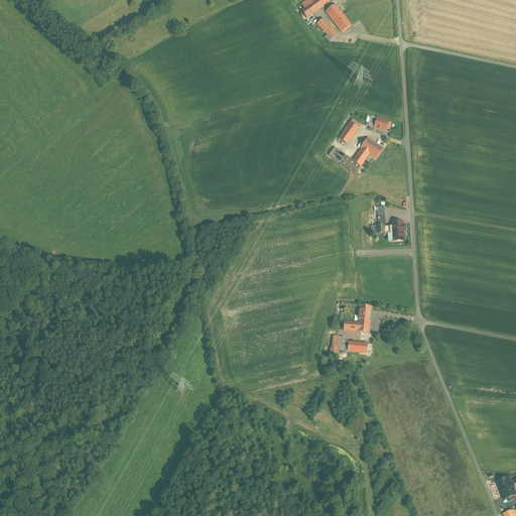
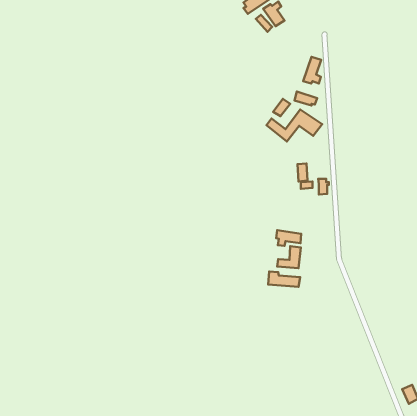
building: none -> [303,57,321,84]
building: none -> [276,230,301,246]

